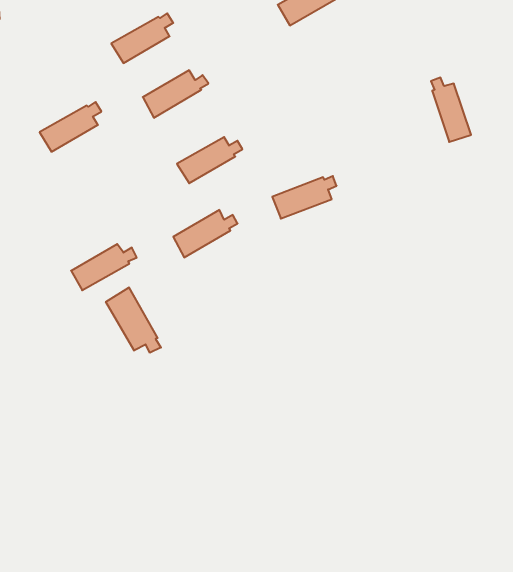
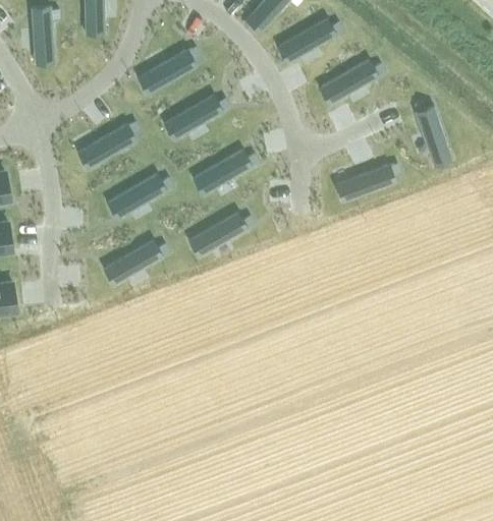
building: none -> [327,60,382,100]
building: none -> [114,175,169,215]
building: [272,176,337,219] -> [343,164,397,199]
building: [106,287,161,353] -> none

